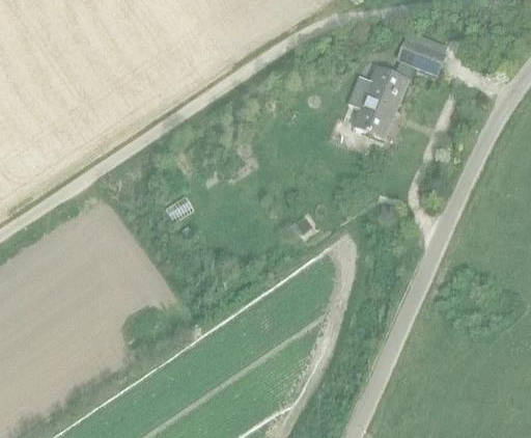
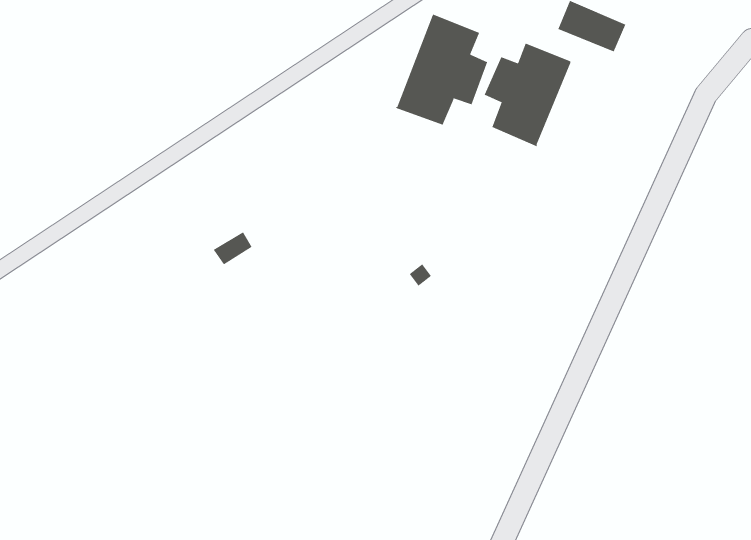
building: none -> [395,14,488,126]

